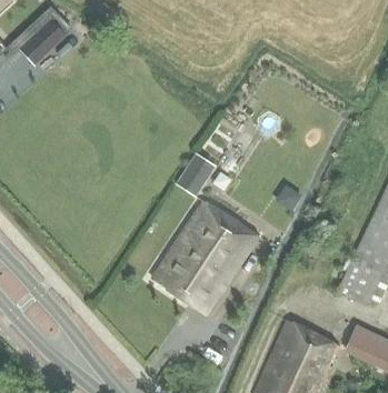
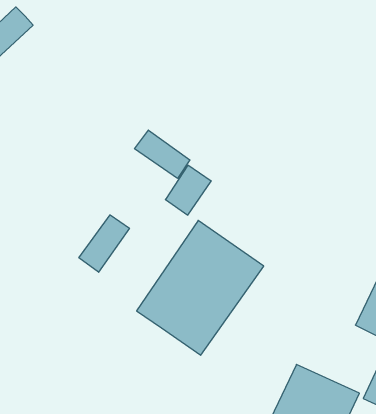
building: none -> [135,130,190,178]
building: none -> [79,215,129,272]

